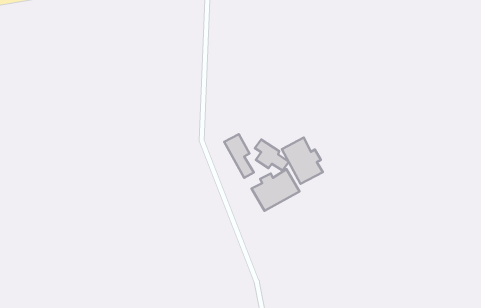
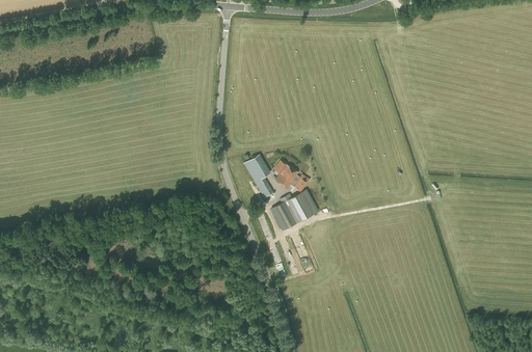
building: [282,138,323,184] -> none

